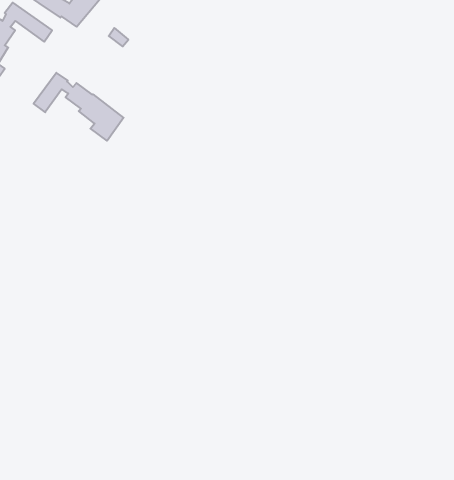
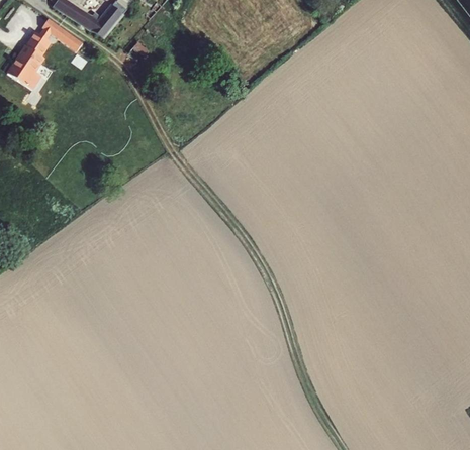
building: [34,73,124,141] -> none

